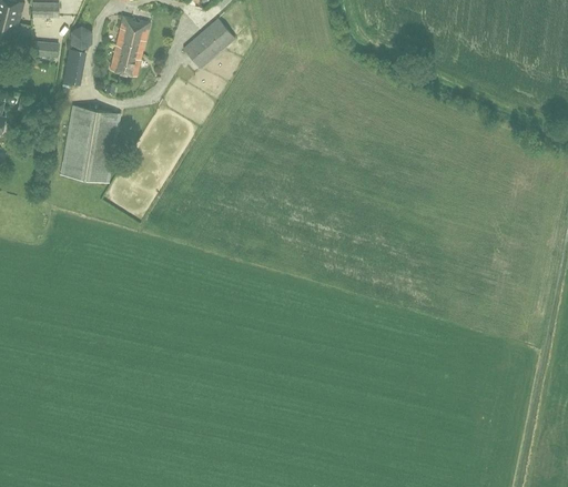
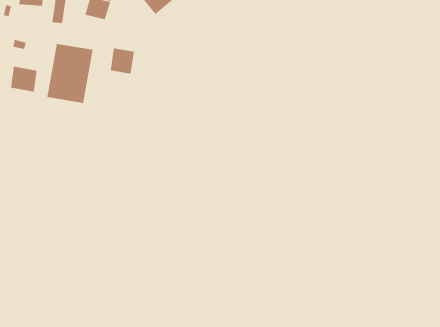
building: none -> [110,47,134,75]
building: none -> [10,66,37,92]

